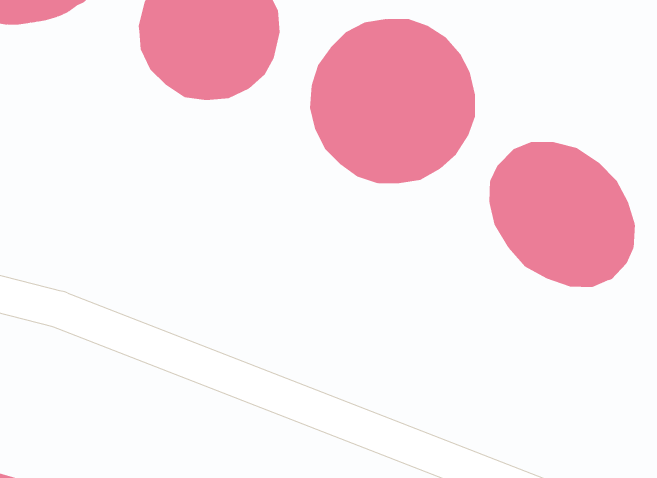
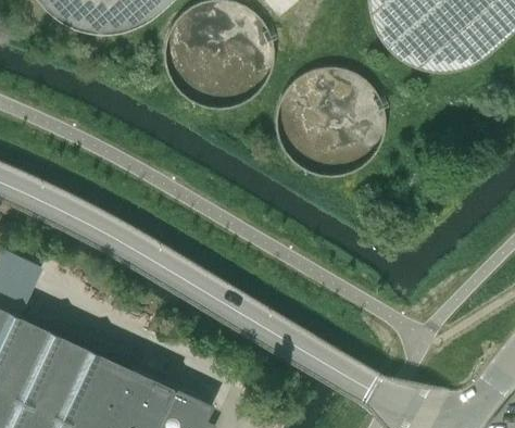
building: [489,141,635,288] -> none

